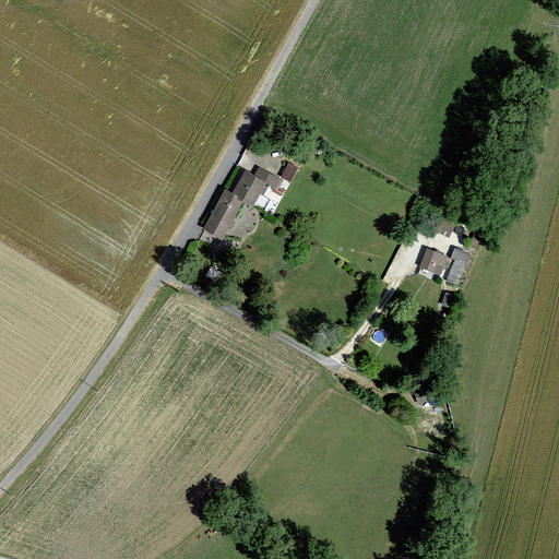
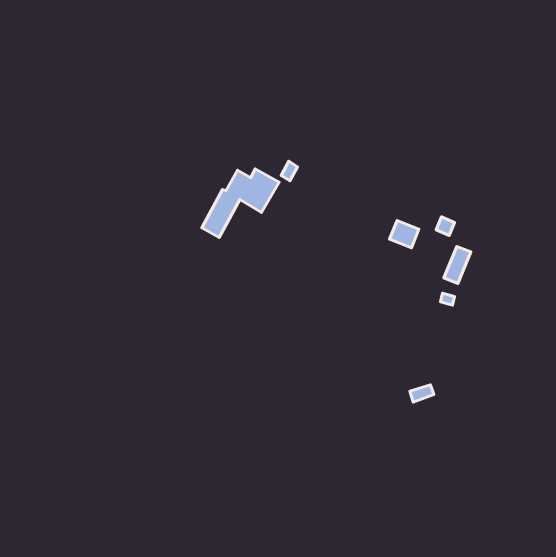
building: [418,248,448,275] -> [390,221,419,248]

